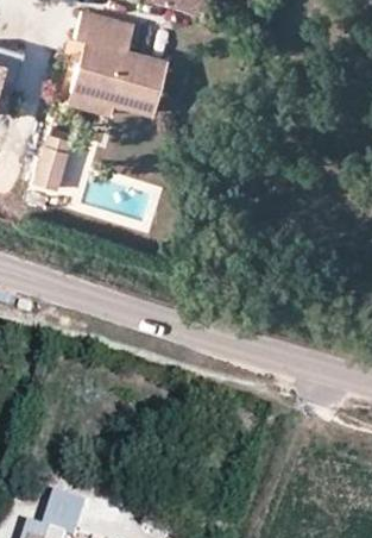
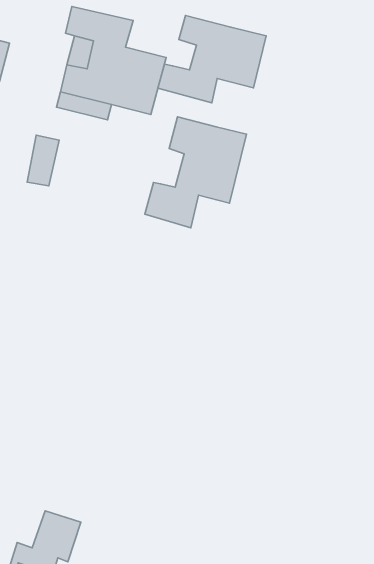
building: none -> [158,16,266,103]
building: none -> [145,117,247,228]

